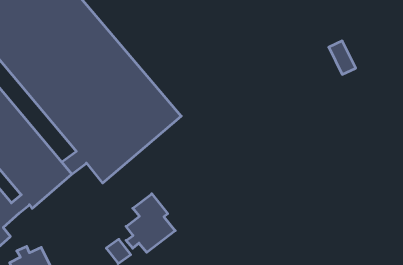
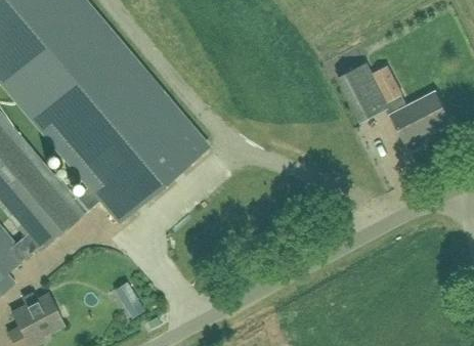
building: none -> [338,61,450,147]
building: [126,194,175,252] -> none

